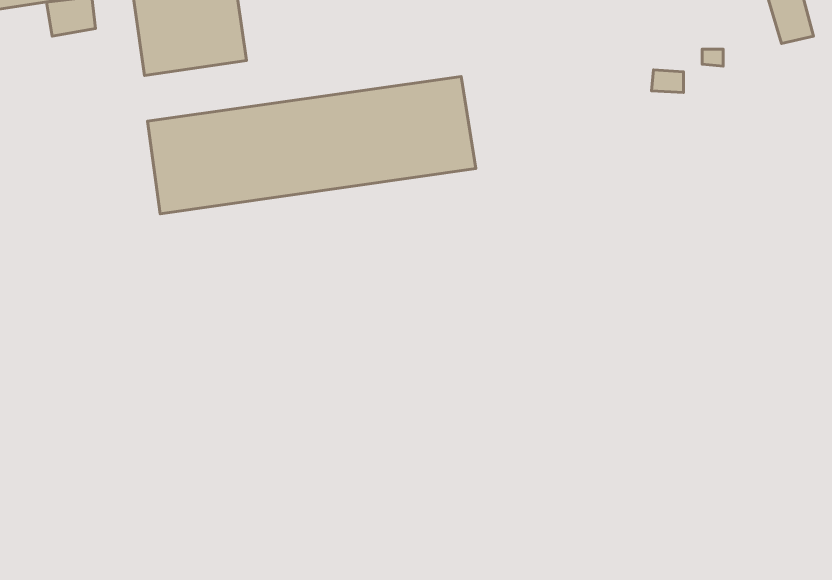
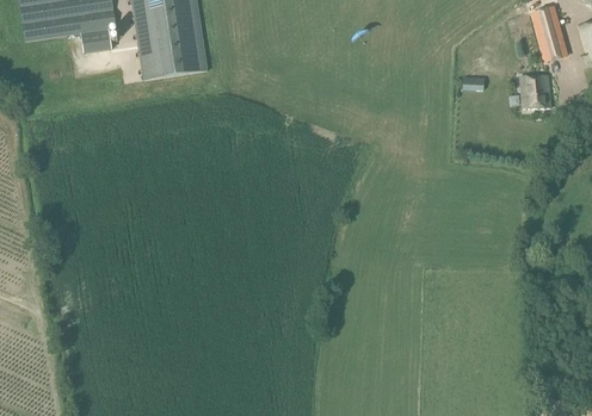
building: none -> [519,75,550,106]
building: [148,77,476,214] -> none

